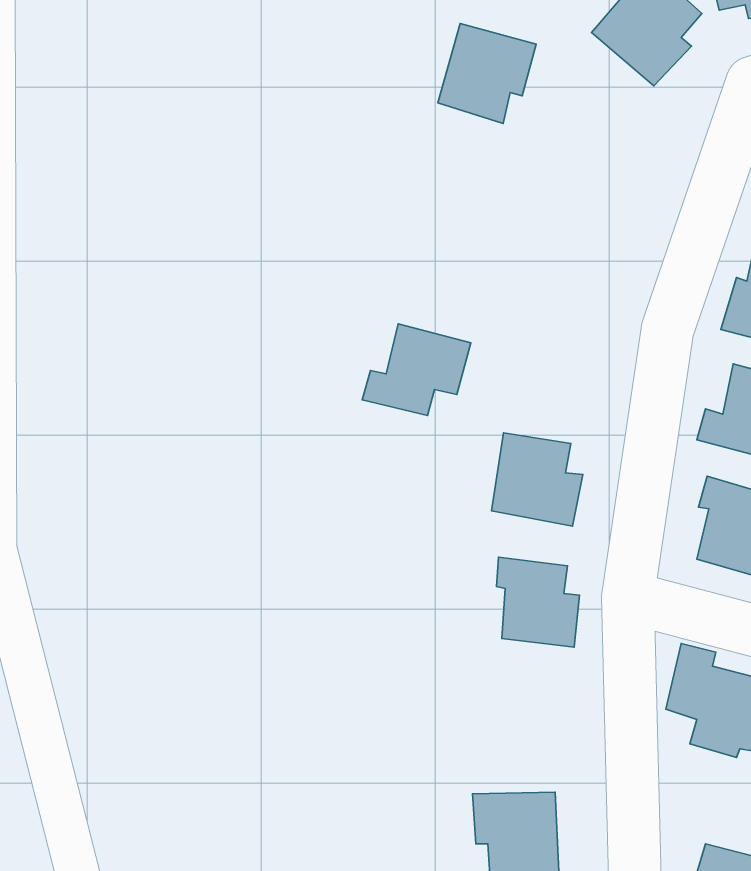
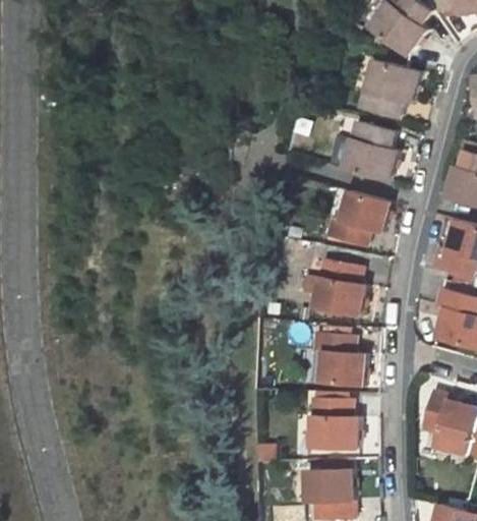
building: [438,23,536,124] -> [358,60,416,119]
building: none -> [342,123,395,181]
building: [362,324,471,415] -> [327,191,392,245]
building: none -> [310,402,358,452]

